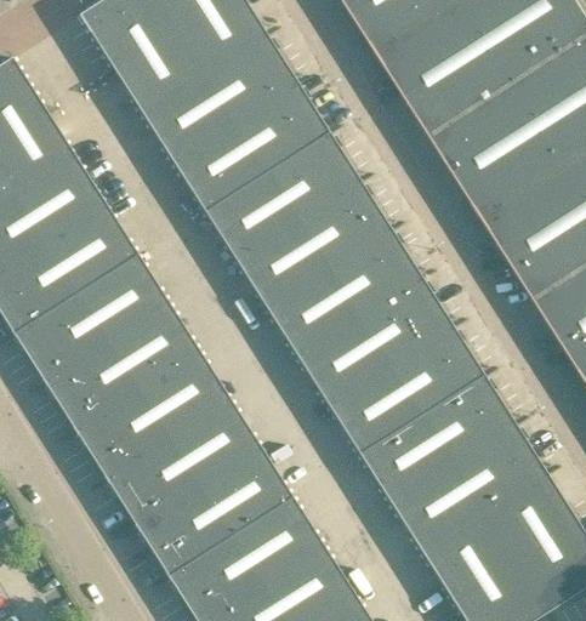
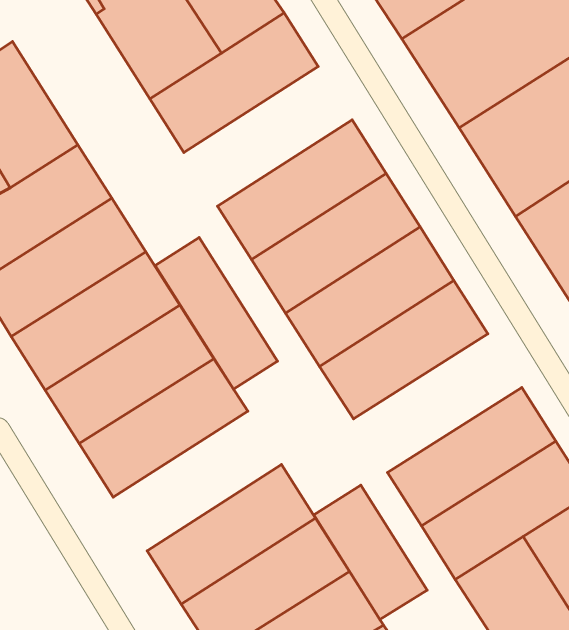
building: [172,81,329,211] -> none
building: none -> [155,237,277,389]
building: [330,330,487,458] -> none
building: [107,401,263,531] -> none
building: none -> [314,485,427,620]

